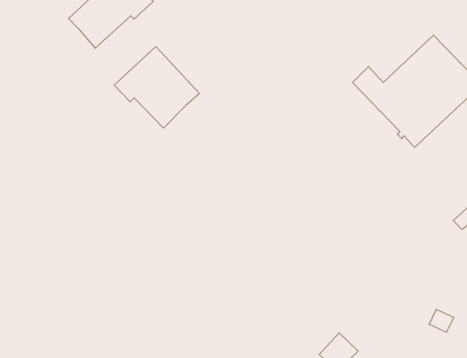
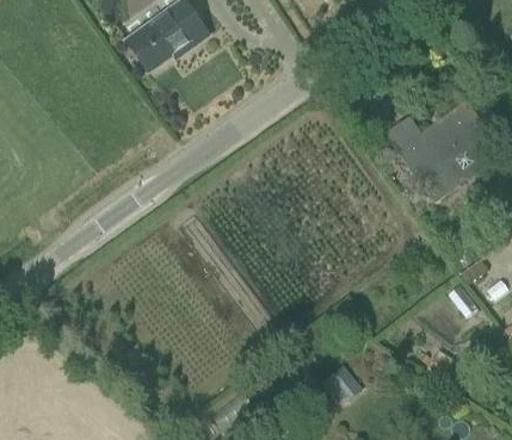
building: [114,47,199,128] -> none

